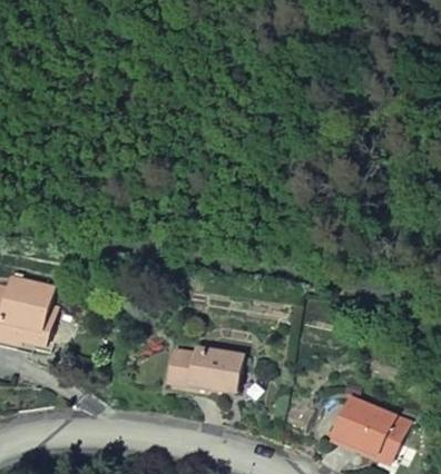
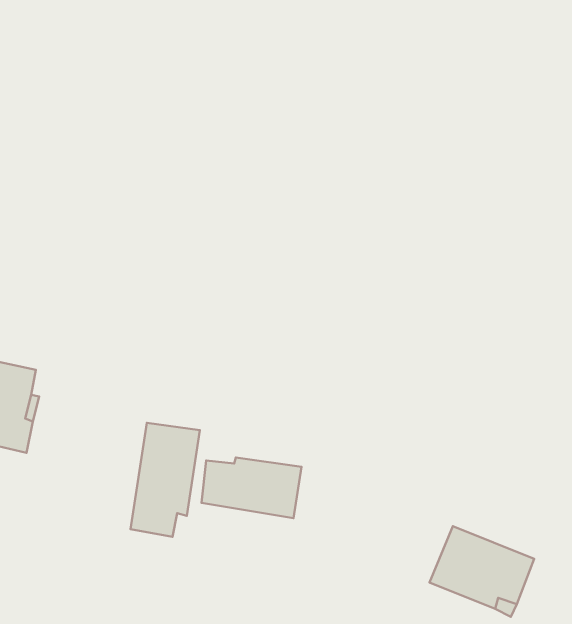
building: none -> [131,423,200,537]

